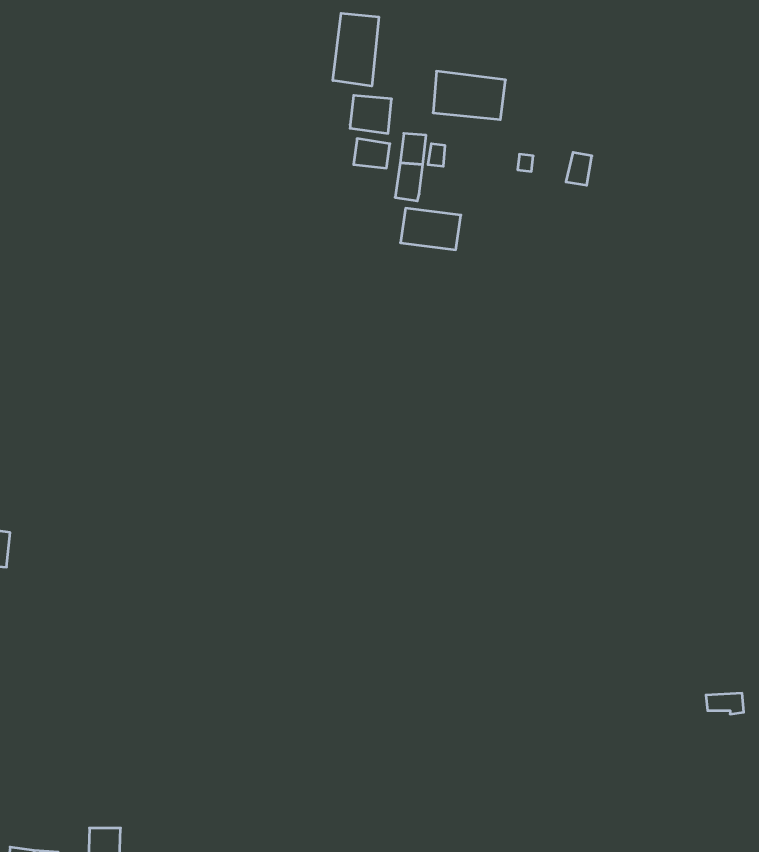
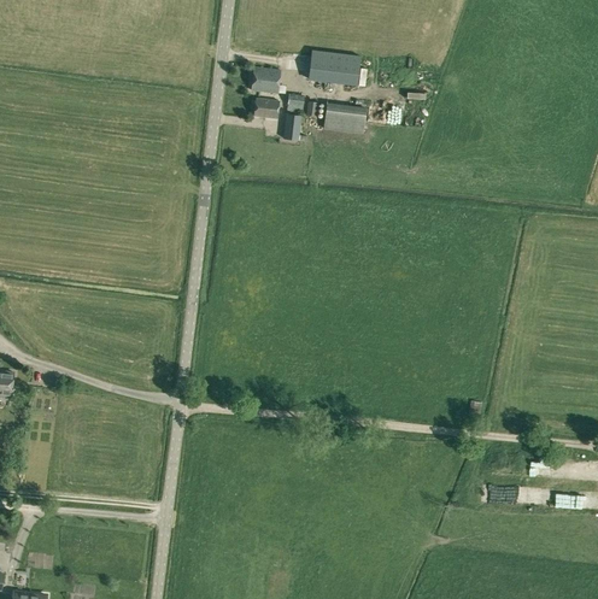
building: [333,13,379,86] -> none
building: [400,208,461,250] -> [322,105,364,134]

